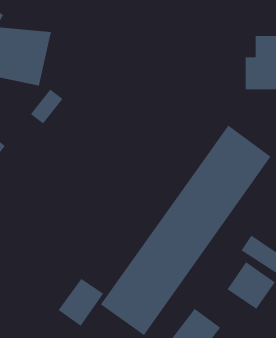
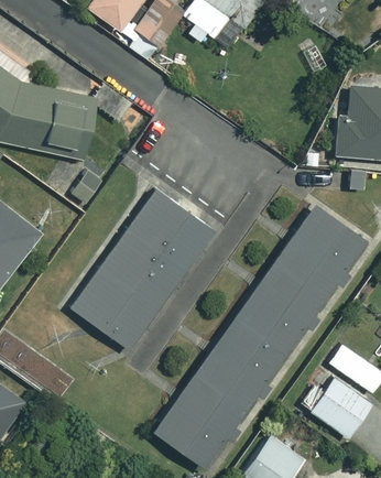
building: none -> [70,186,216,349]
building: [58,278,104,327] -> none

